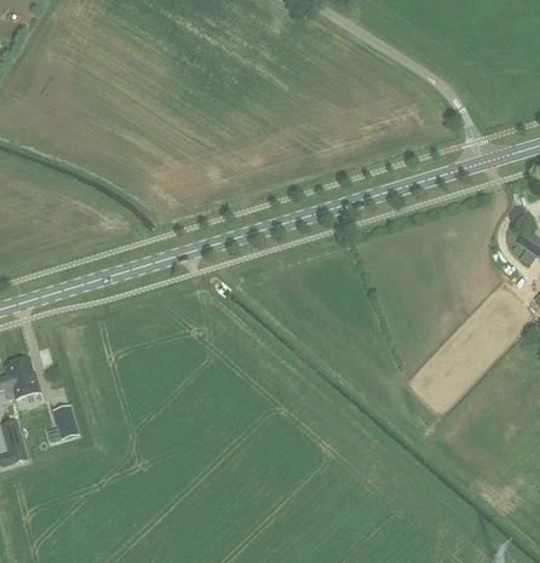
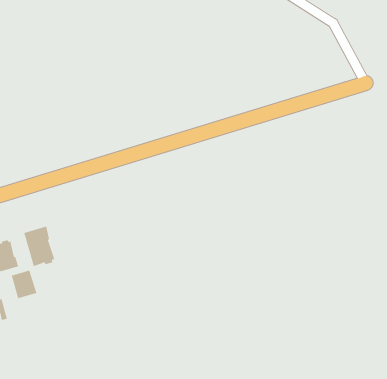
building: none -> [23,226,55,267]

